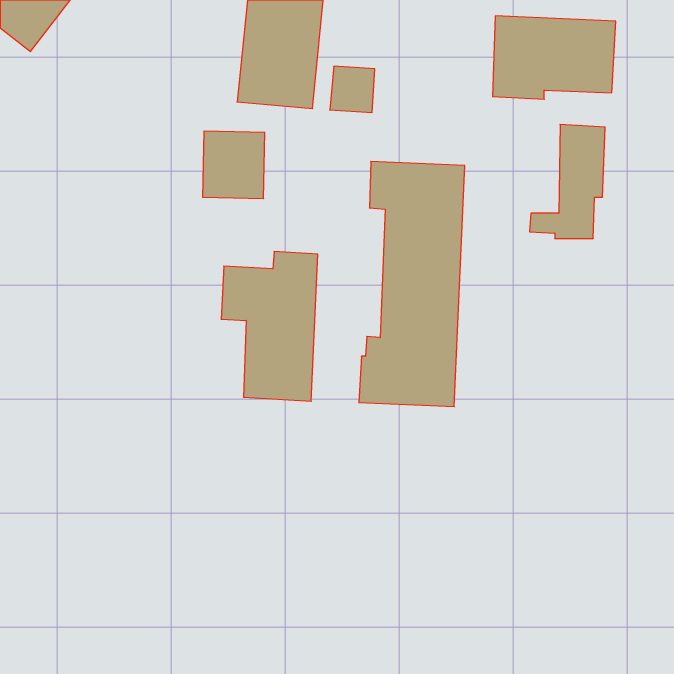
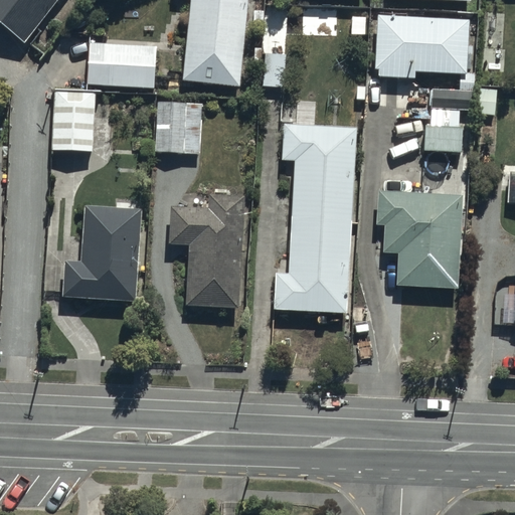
building: none -> [88,42,157,89]
building: none -> [53,91,95,151]
building: none -> [377,189,462,288]
building: none -> [62,206,141,299]

